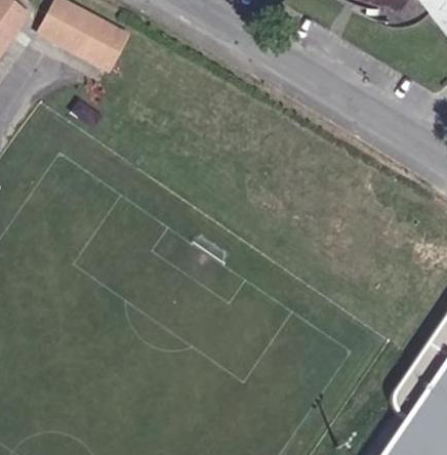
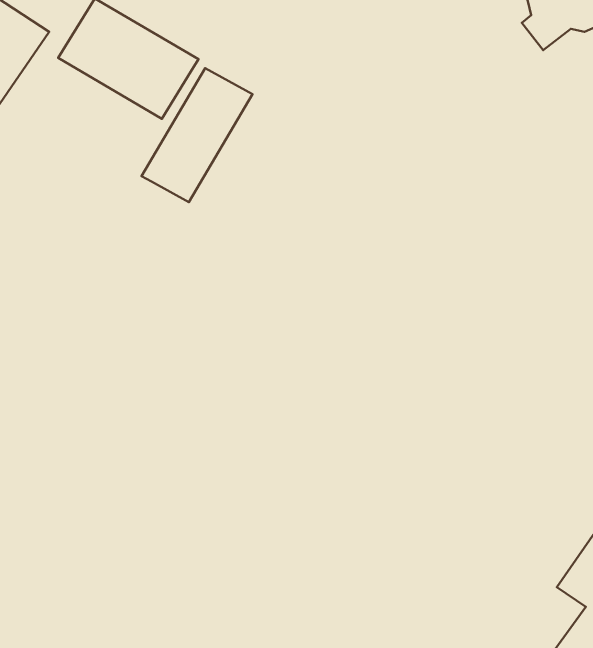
building: none -> [142,68,253,202]

